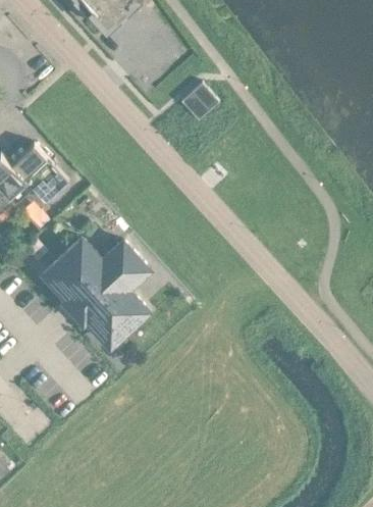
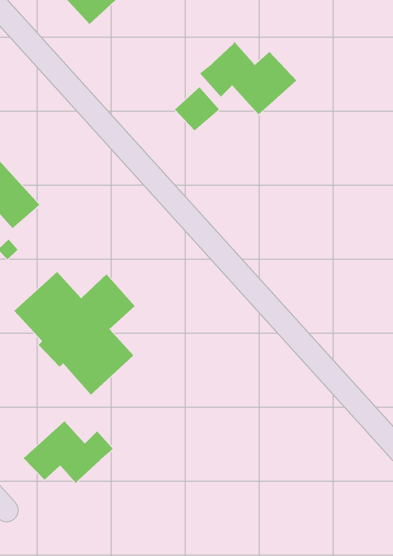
building: none -> [199,41,297,115]
building: none -> [23,420,114,484]

